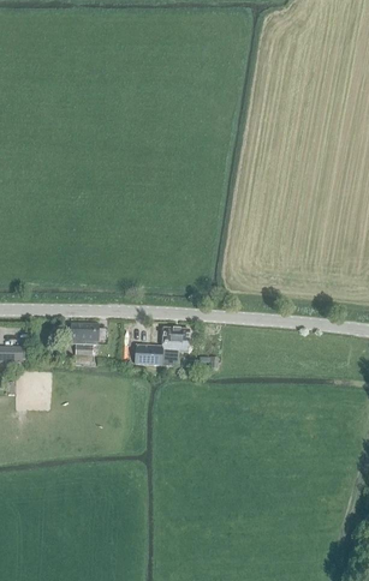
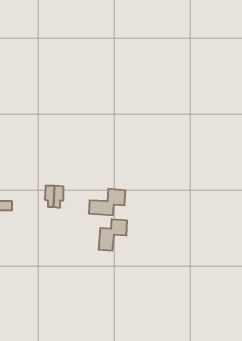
building: none -> [99,219,127,251]

